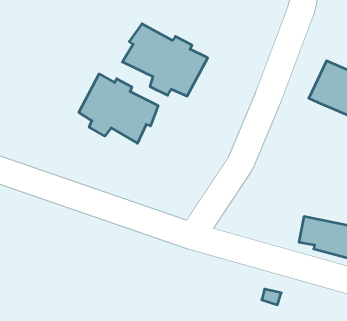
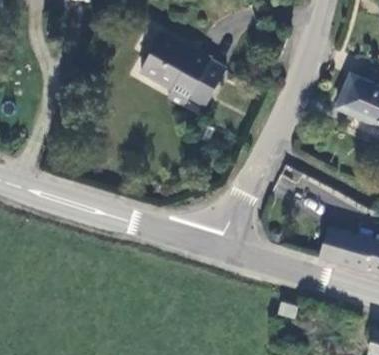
building: [79,74,158,143] -> none

